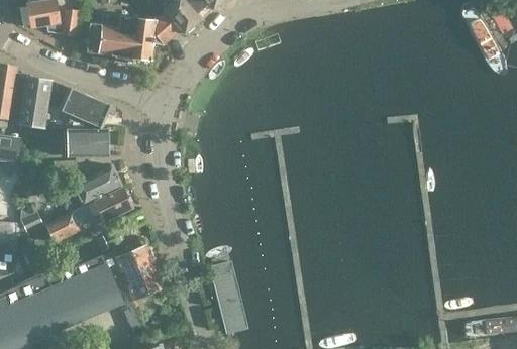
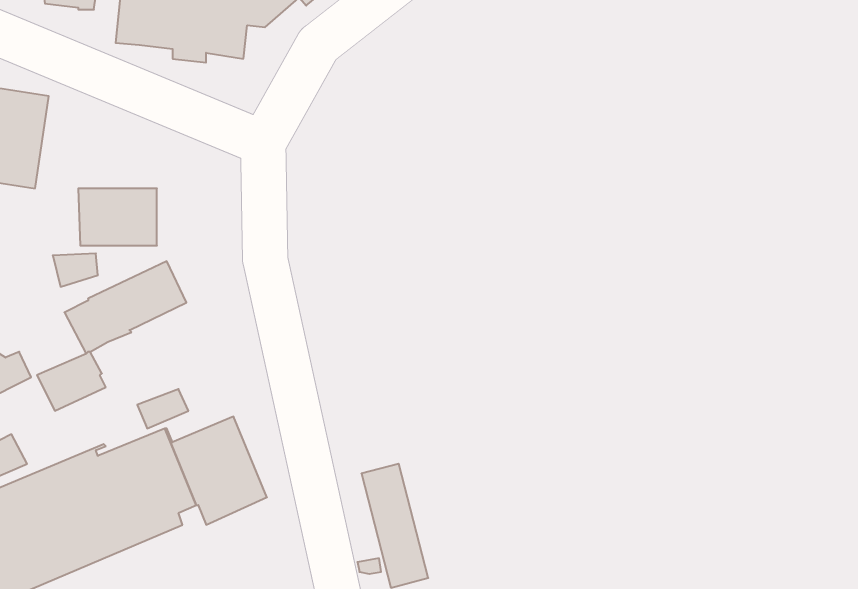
building: [62,89,110,128] -> none
building: [73,187,132,225] -> none

